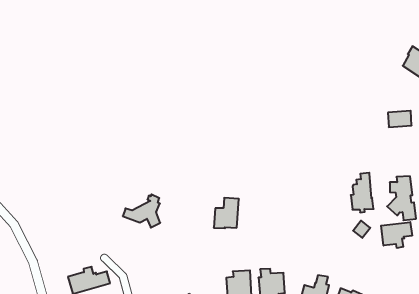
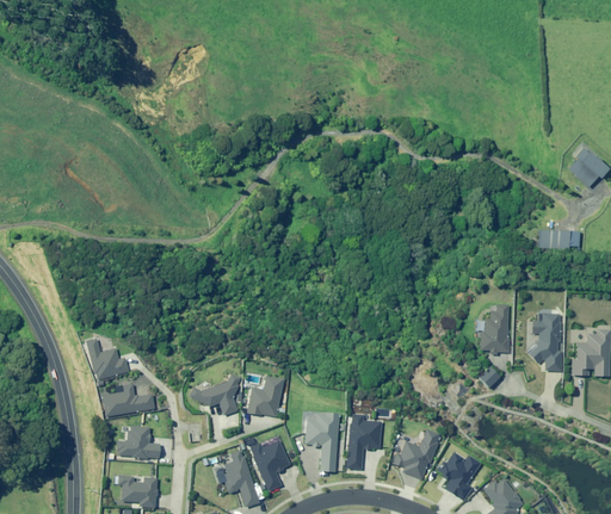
building: [123,194,160,228] -> [189,372,239,415]
building: [214,198,239,228] -> [247,376,284,416]
building: [381,222,412,248] -> none
building: none -> [85,336,129,380]

